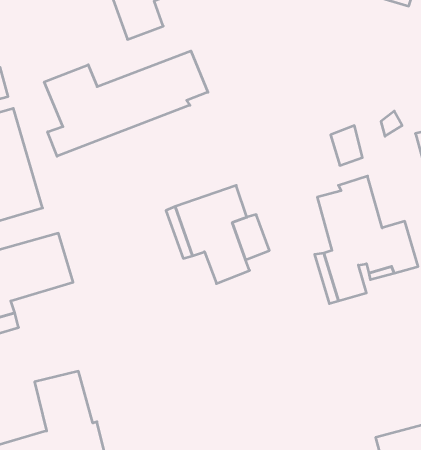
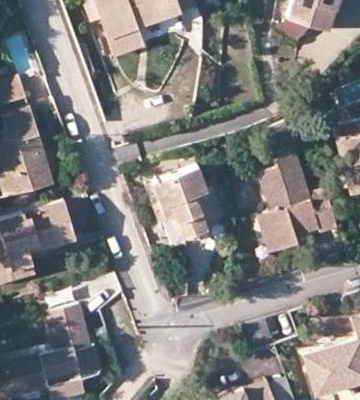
building: [44,51,208,156] -> none

